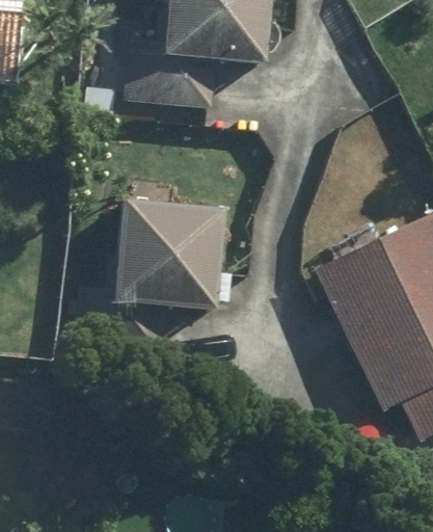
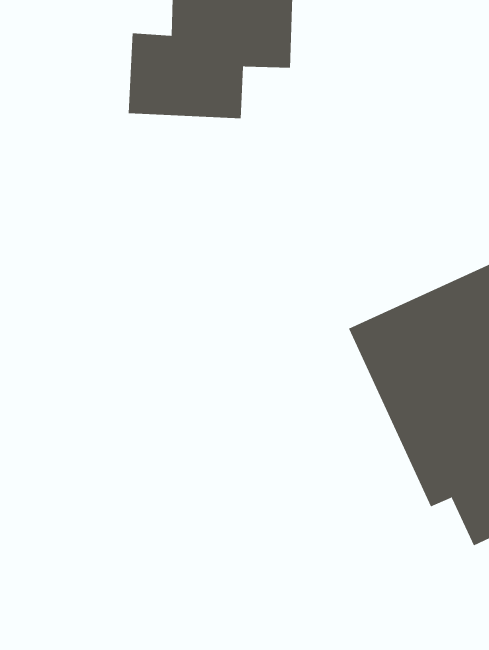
building: [93,204,223,344] -> none

